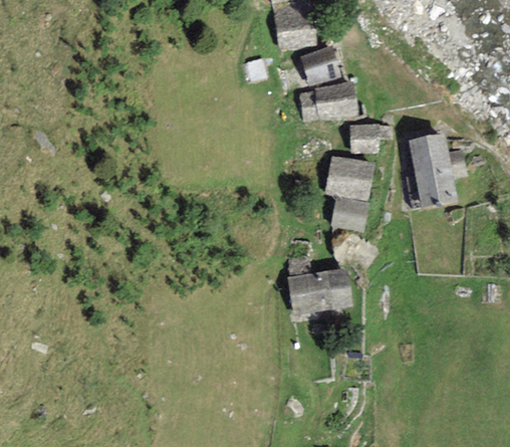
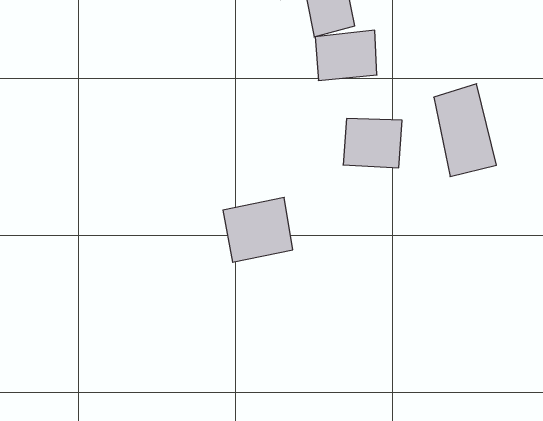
building: [350,124,379,151] -> none
building: [331,197,371,231] -> none
building: [291,265,349,318] -> [223,197,293,262]

